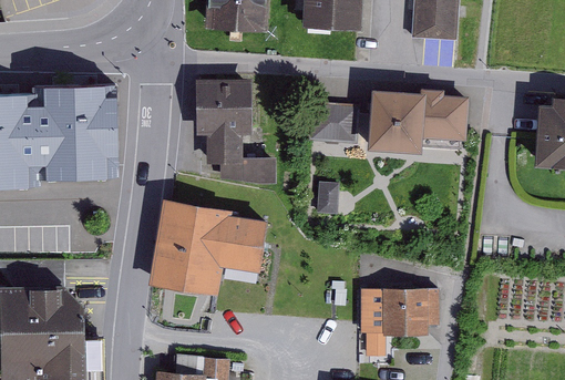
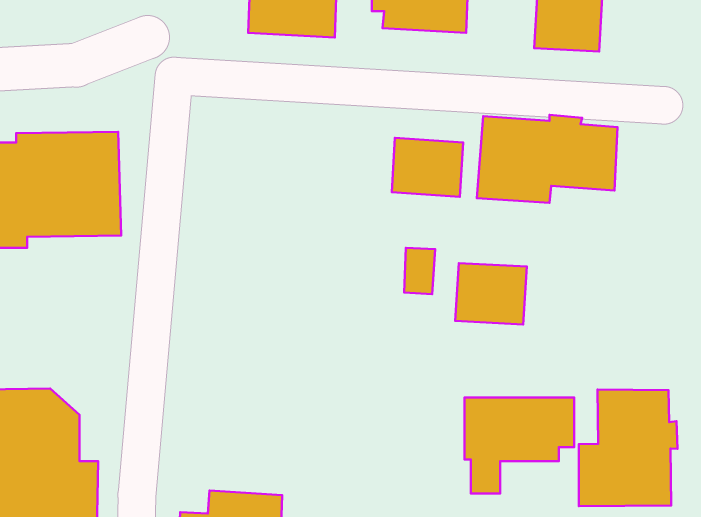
building: [196,79,276,186] -> none
building: none -> [455,263,527,324]
building: [150,198,268,295] -> none
building: none -> [579,389,677,506]

